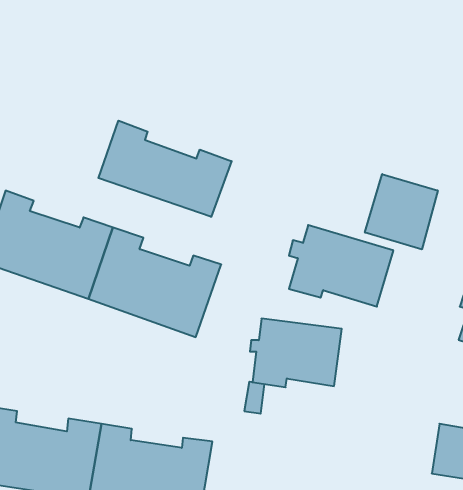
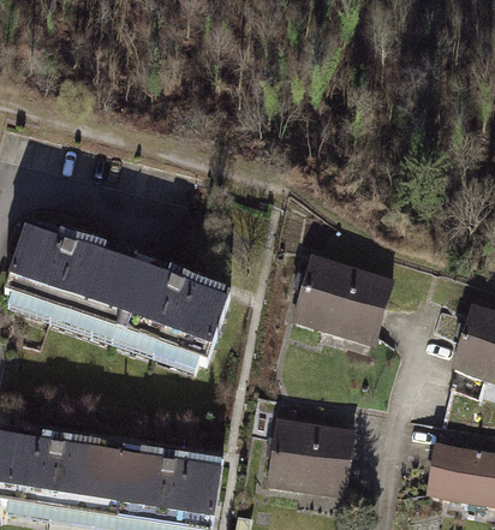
building: [98,121,232,217] -> none
building: [365,174,438,249] -> none
building: [250,319,342,387] -> [267,422,353,487]

